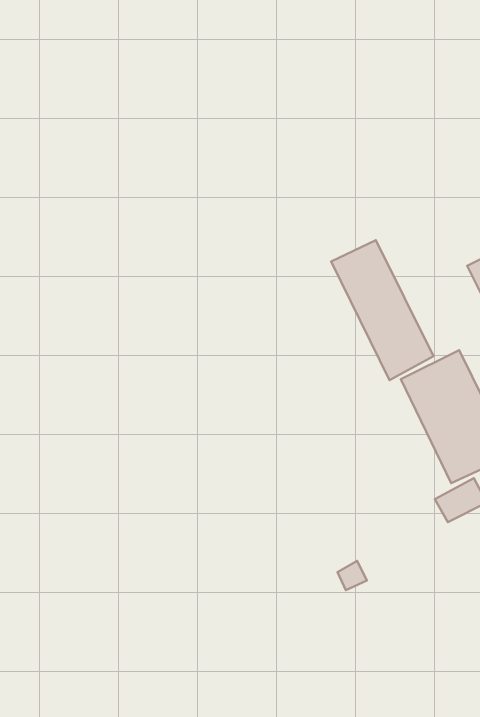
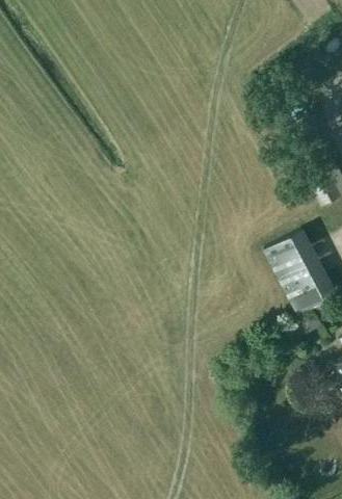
building: [331,240,434,380] -> none

